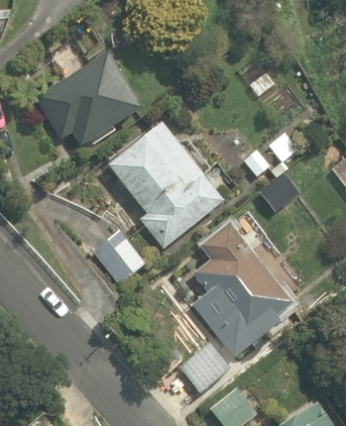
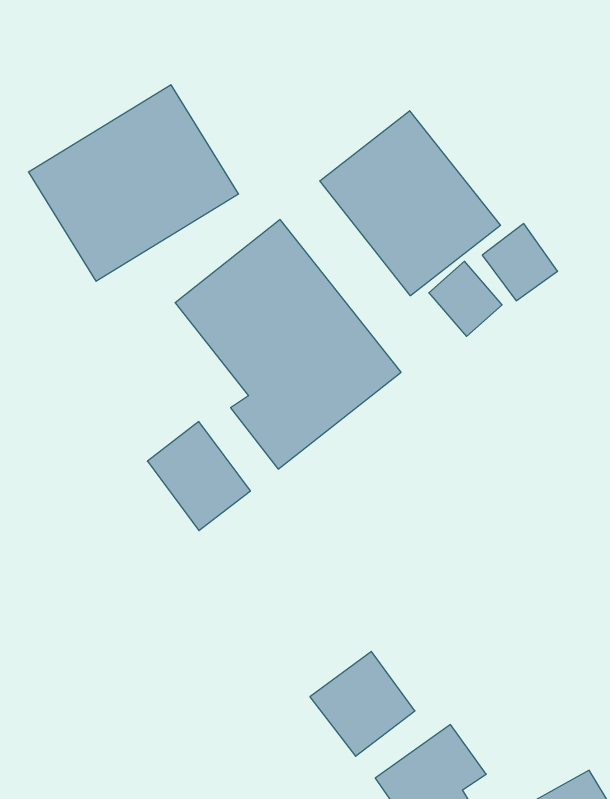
building: none -> [320,111,500,296]
building: [195,222,290,338] -> none

